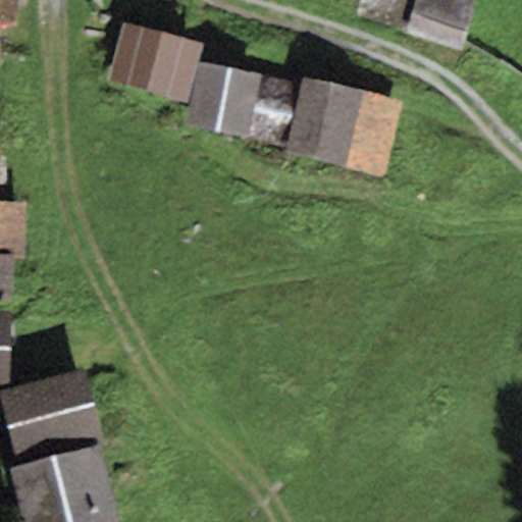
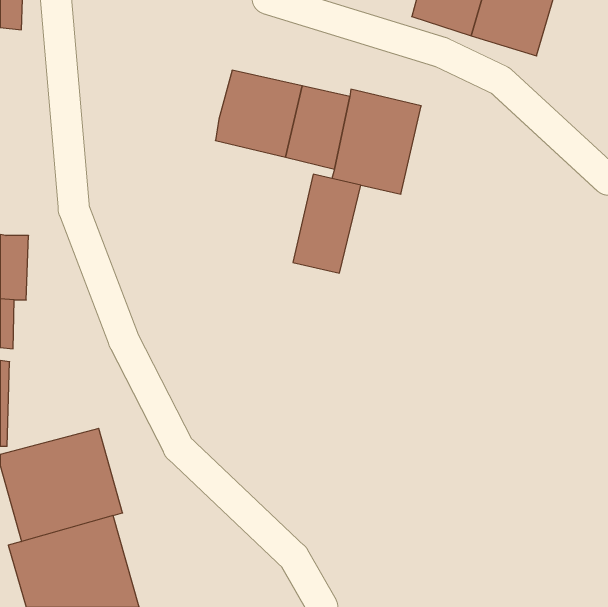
building: [106,21,203,102] -> none
building: [344,91,402,175] -> [293,174,361,273]

